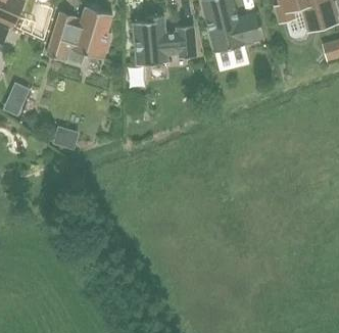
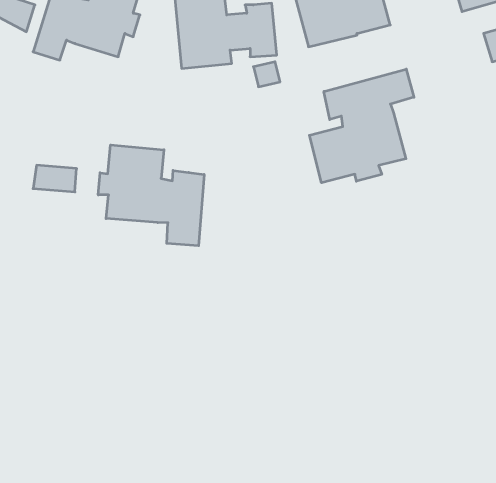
building: none -> [309,69,414,183]
building: none -> [98,145,204,246]

